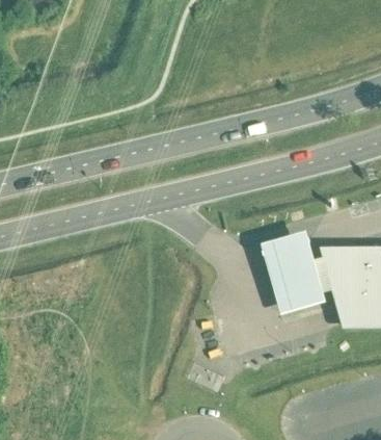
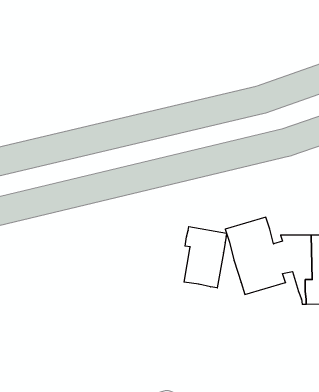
building: none -> [184,227,227,288]

